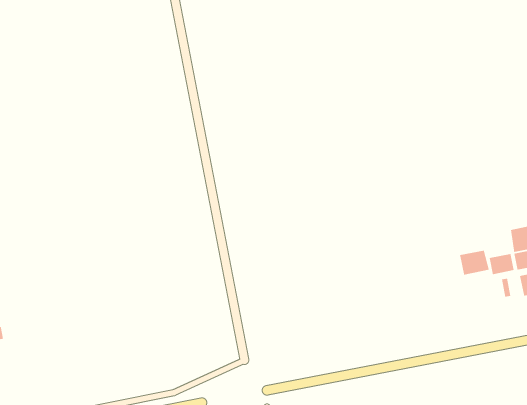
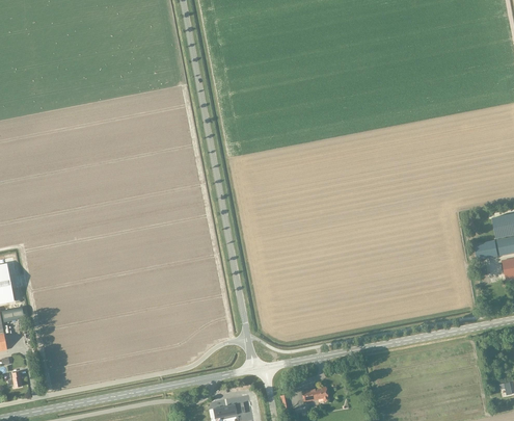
building: [460,250,489,275] -> none

